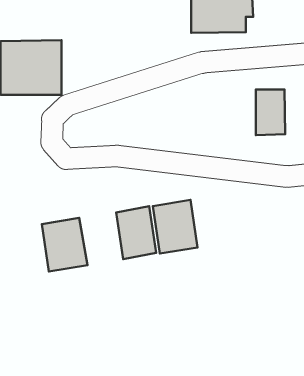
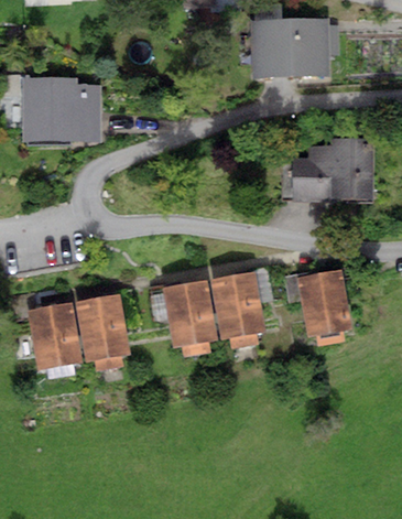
building: none -> [292,148,336,195]
building: none -> [298,271,348,336]
building: none -> [28,304,78,368]

